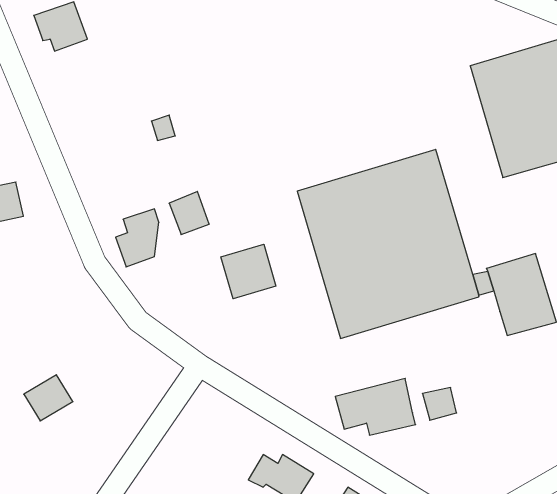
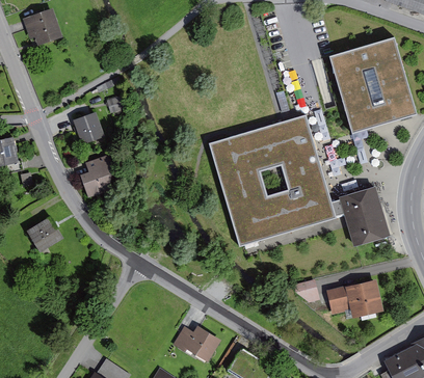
building: [169,191,209,235] -> [75,113,103,143]
building: [221,244,276,299] -> none
building: [24,375,73,421] -> [27,218,61,250]
building: [335,378,416,435] -> [327,278,383,318]

